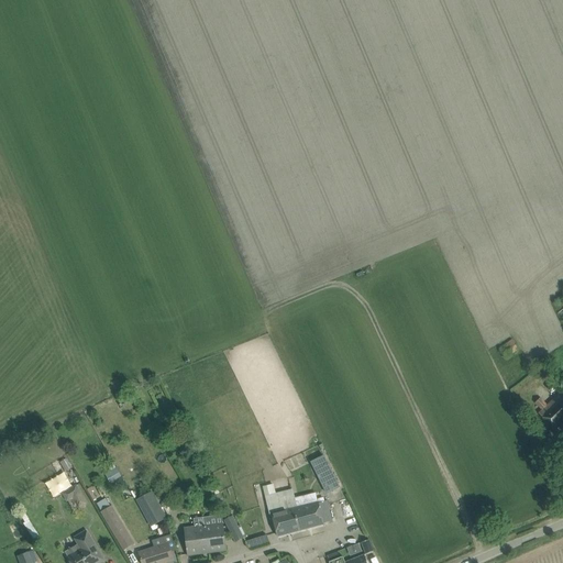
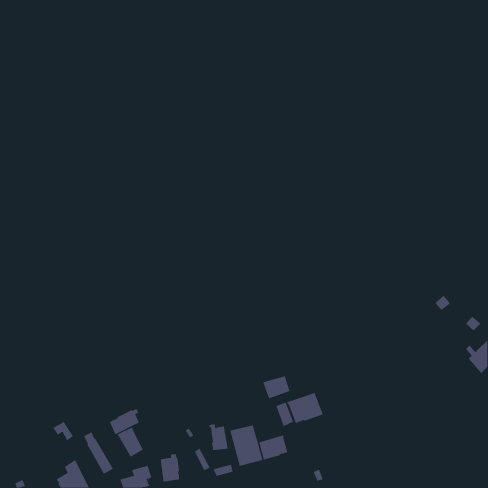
building: none -> [263,376,290,399]
building: none -> [286,392,324,424]
building: none -> [109,408,139,435]
building: [202,520,225,551] -> [208,424,228,451]

